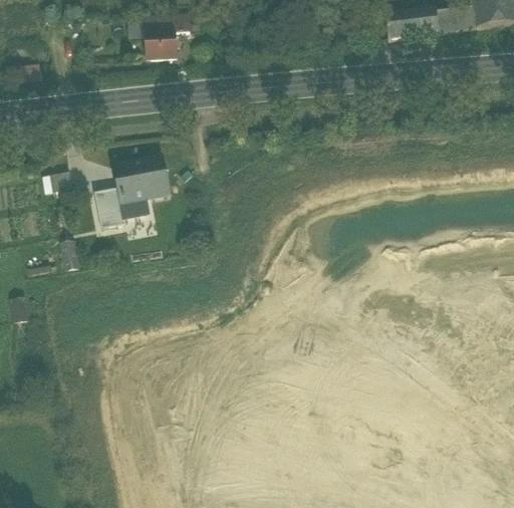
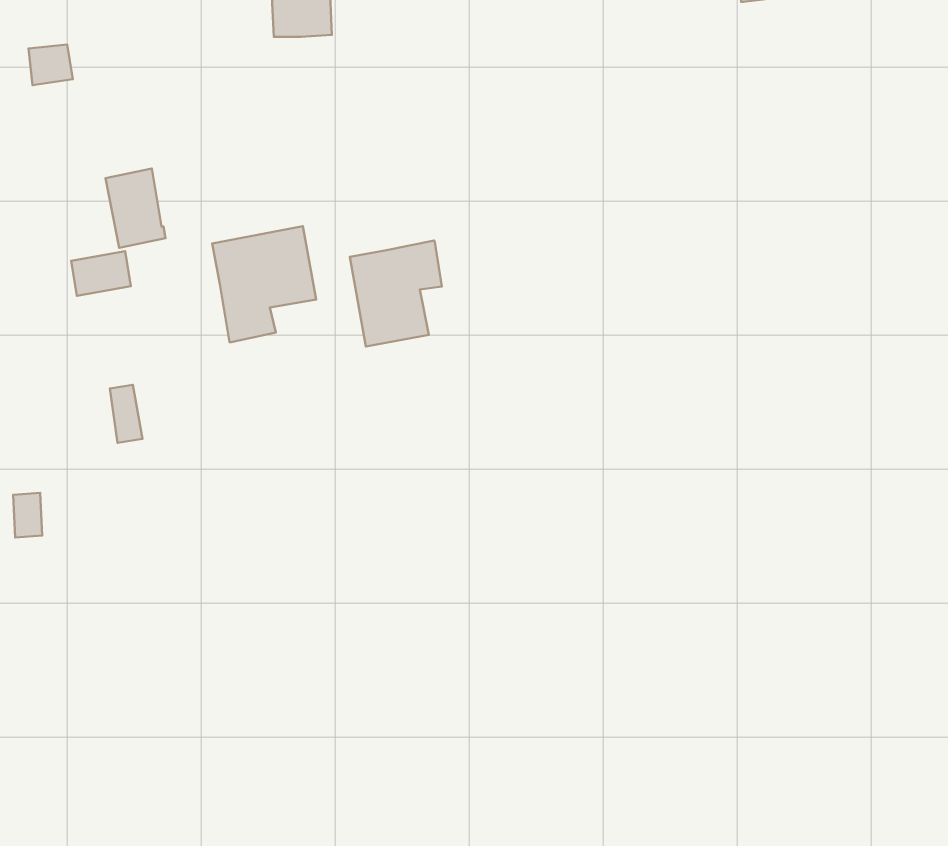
building: none -> [350,240,442,347]
building: [94,187,125,228] -> [105,168,165,248]

